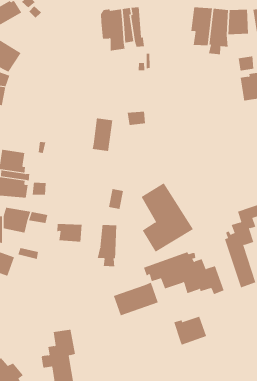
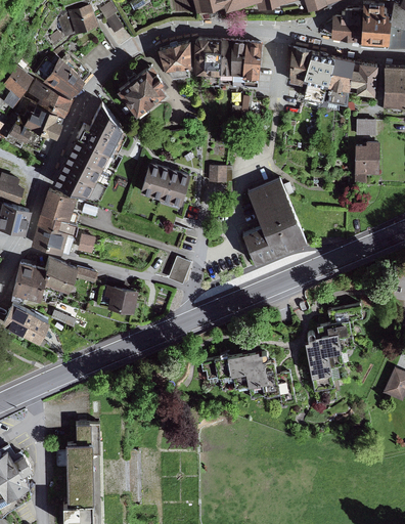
building: none -> [242,39,262,89]
building: none -> [286,46,312,85]
building: none -> [159,38,191,81]
building: none -> [118,64,167,113]
building: none -> [53,100,127,195]
building: none -> [141,162,171,200]
building: [141,182,194,253] -> [243,177,308,262]
building: [97,224,117,267] -> none
building: [113,282,158,316] -> none
building: [173,316,207,346] -> none

